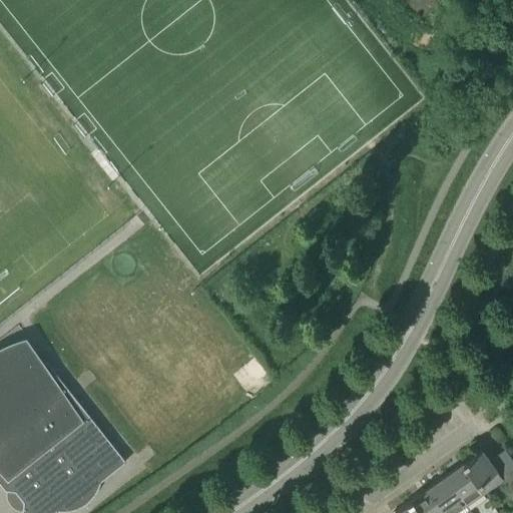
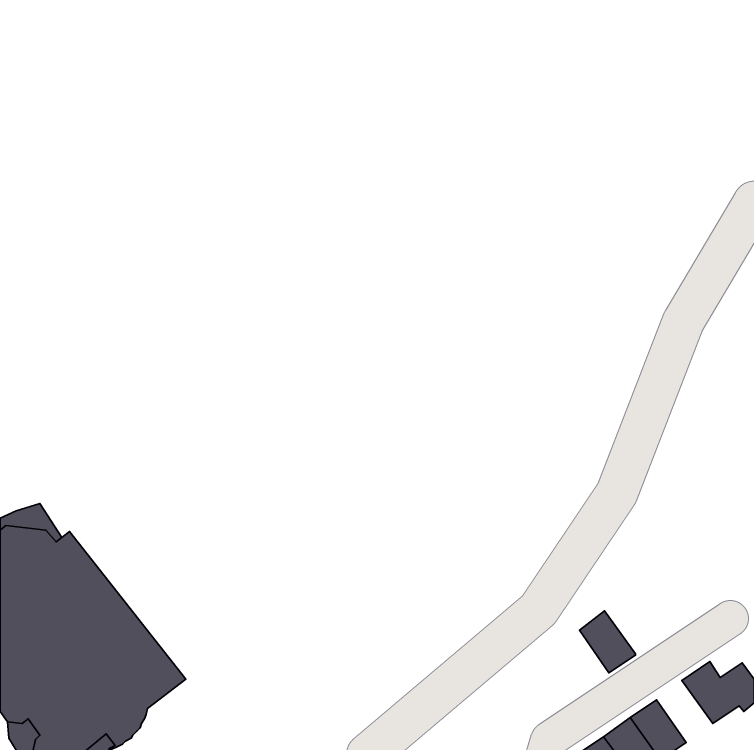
building: [446,465,484,507] -> [579,611,635,673]

